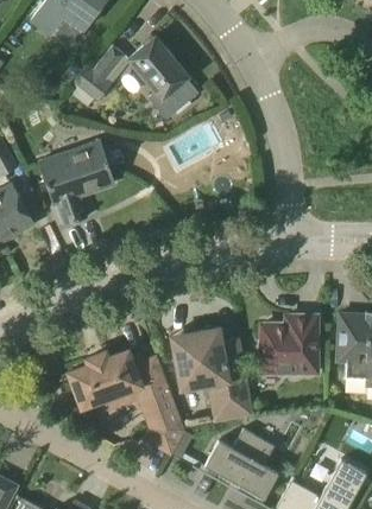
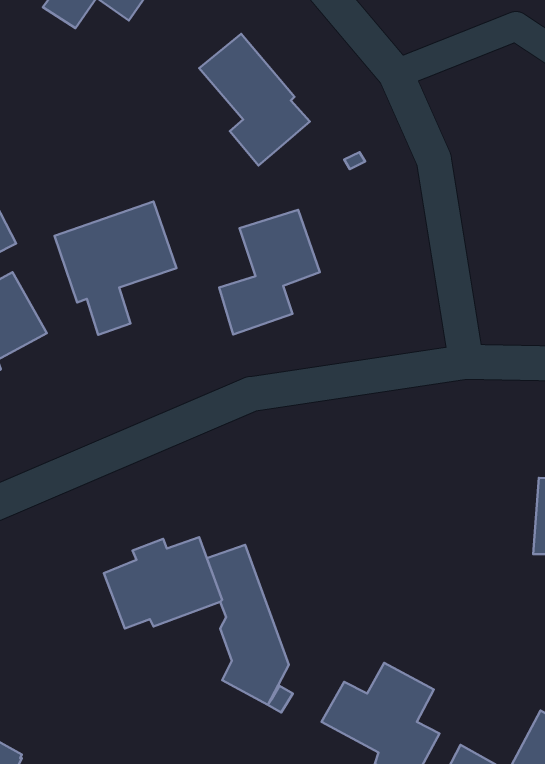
building: [72,45,125,101] -> none
building: none -> [219,210,320,335]
building: [258,316,316,373] -> none
building: [171,325,253,422] -> none

